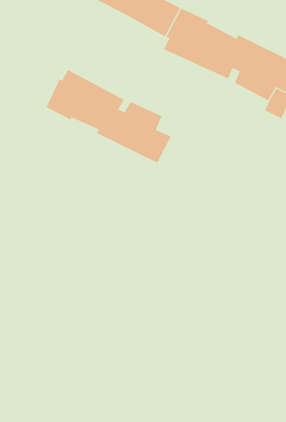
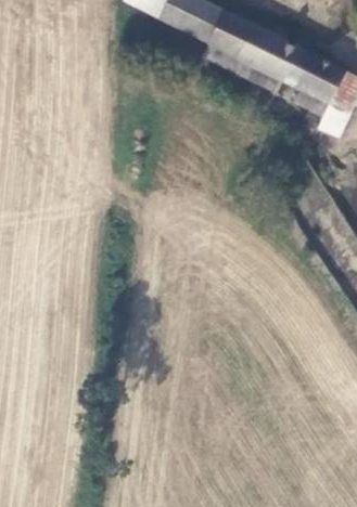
building: [46,69,172,163] -> none

